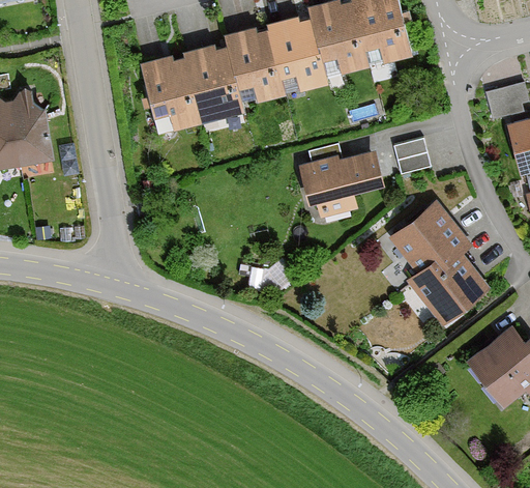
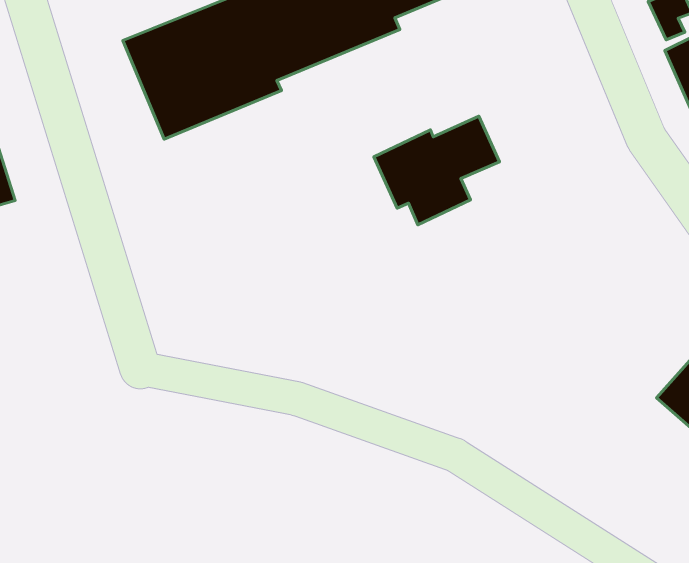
building: [396,141,432,177] -> none
building: [389,200,489,325] -> none

